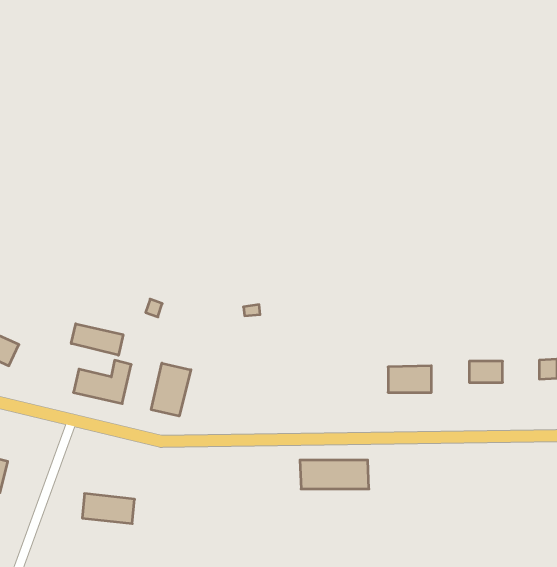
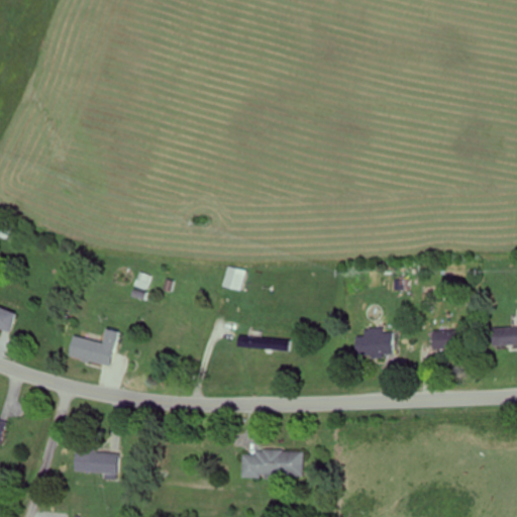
building: [71,324,123,355] -> none
building: [151,363,191,416] -> none
building: [300,460,369,489] -> [240,450,303,477]

